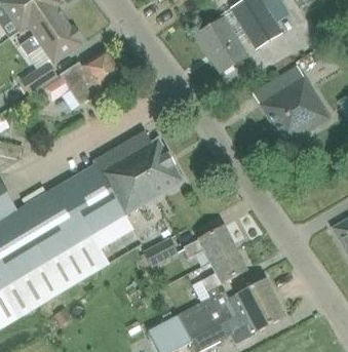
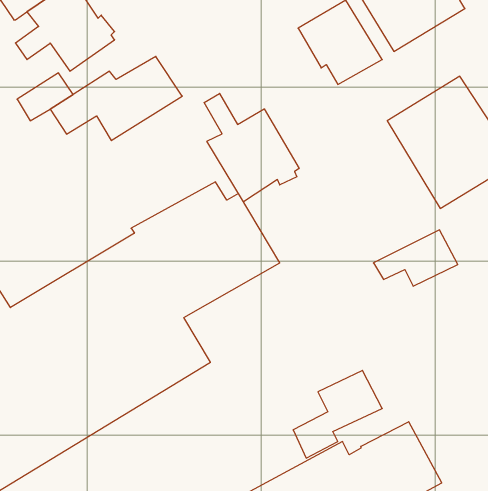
building: none -> [204,93,299,202]
building: [184,225,236,260] -> [373,230,458,286]
building: [143,236,179,266] -> none

